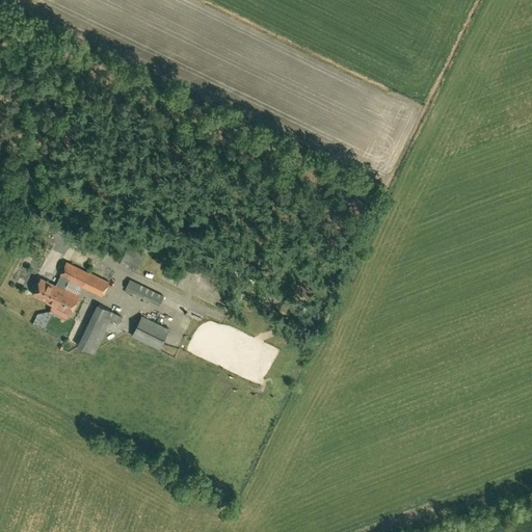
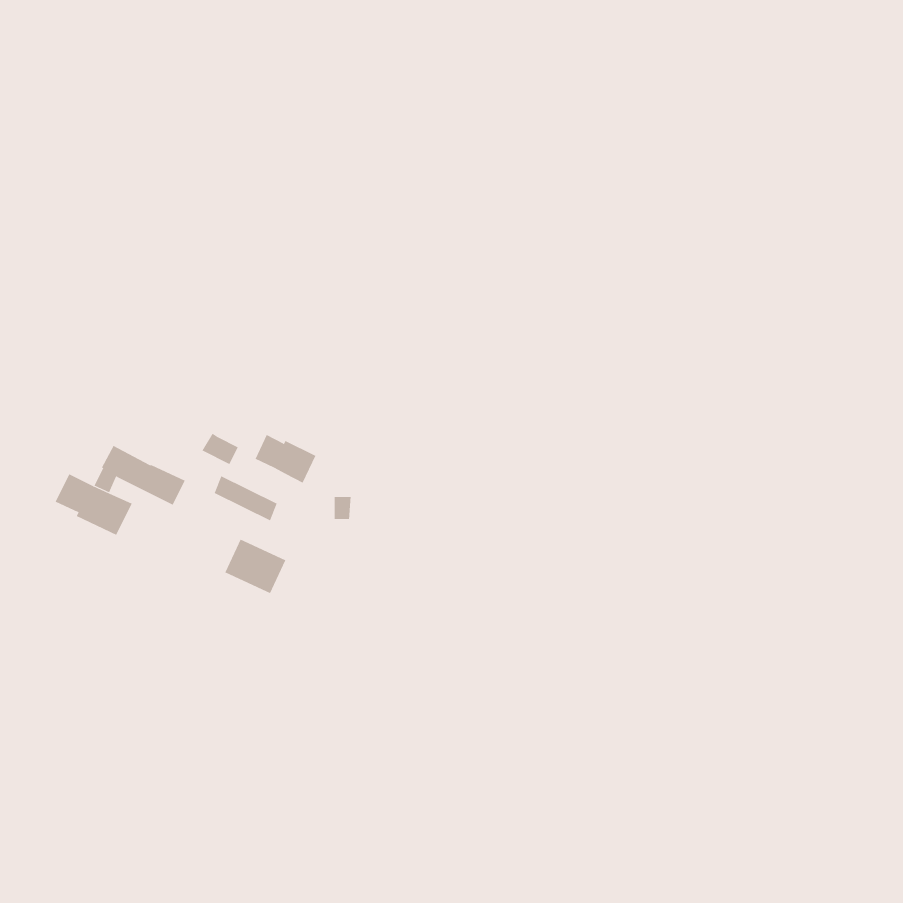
building: none -> [255,434,316,483]
building: [78,305,121,354] -> none

